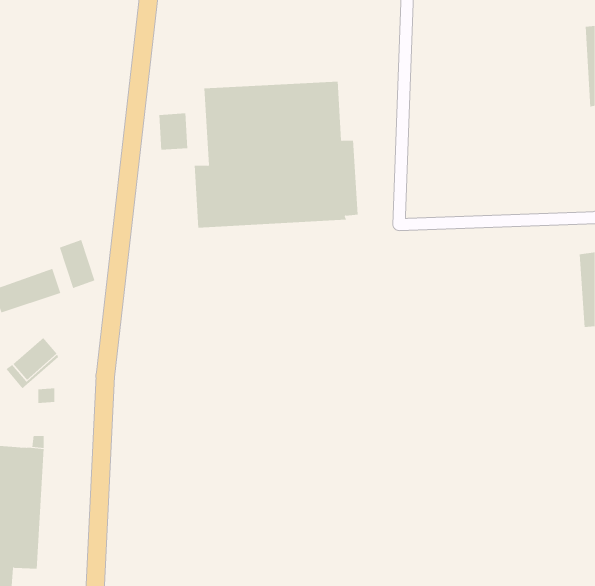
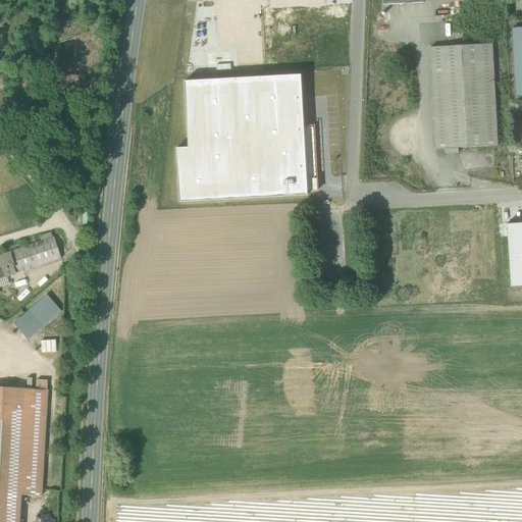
building: none -> [430,43,498,149]
building: [159,113,188,151] -> none
building: [59,239,95,289] -> none

